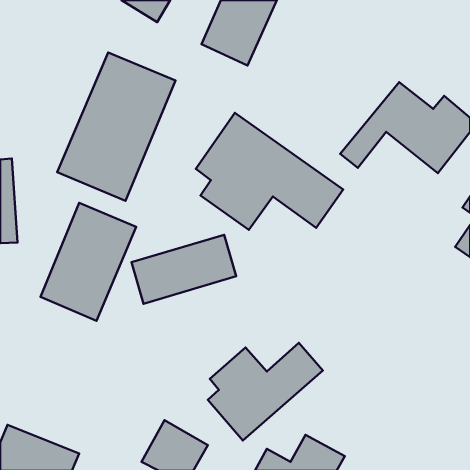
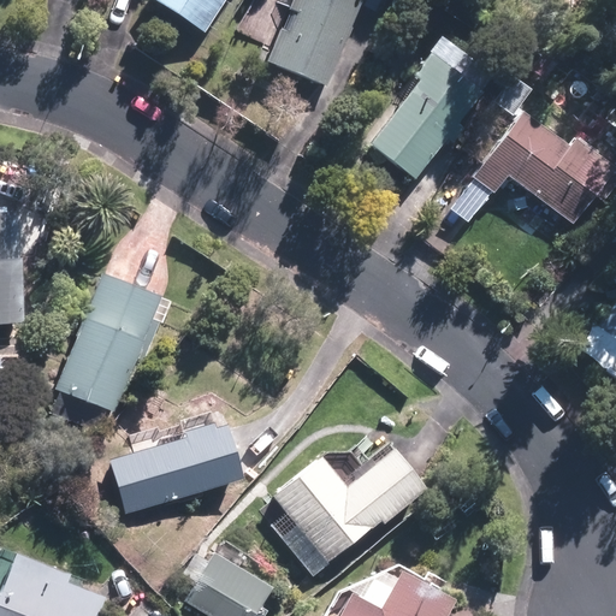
building: none -> [369,35,502,179]
building: [57,53,176,201] -> none
building: [196,113,343,230] -> none
building: [131,235,236,304] -> [111,422,248,513]

